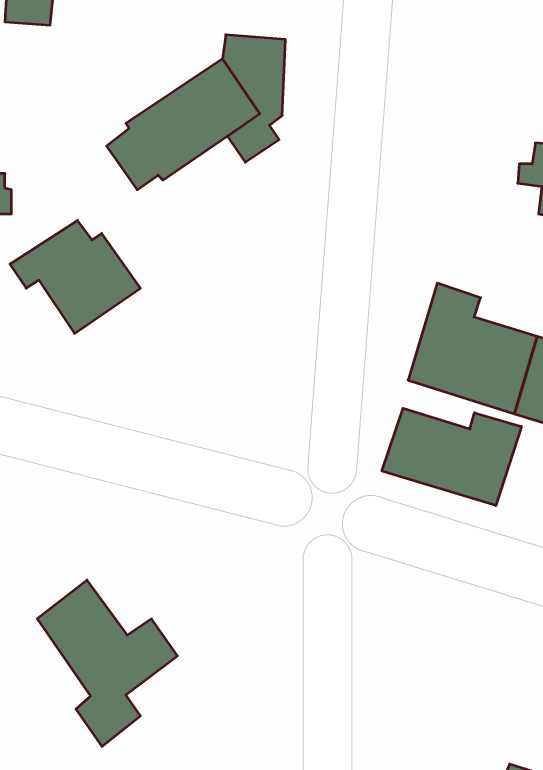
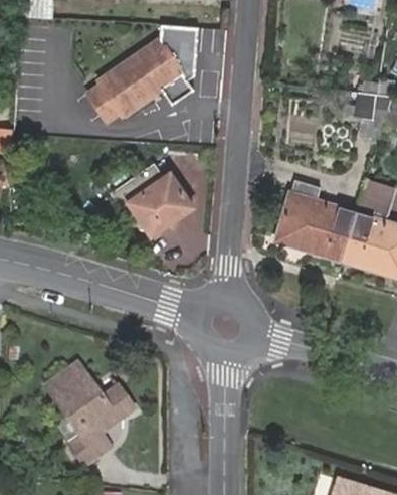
building: [10,220,140,333] -> [113,164,194,234]
building: [382,408,521,506] -> none

